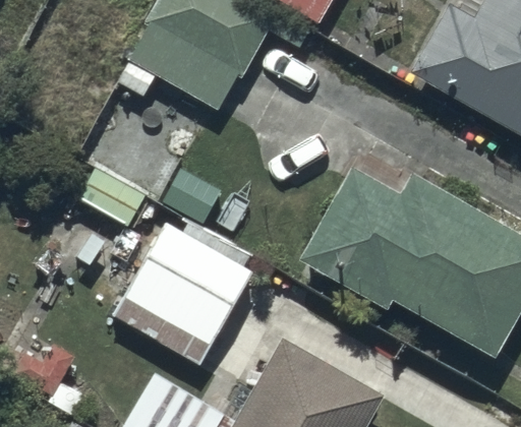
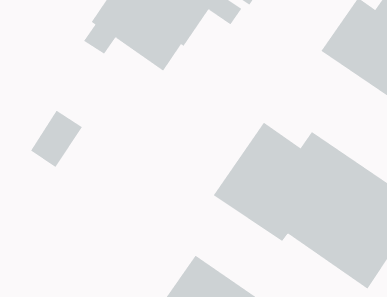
building: [112,224,259,367] -> none

